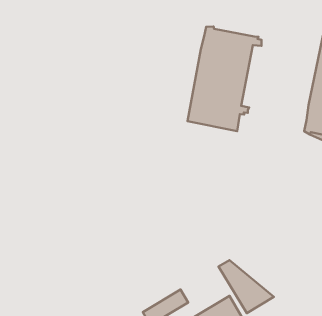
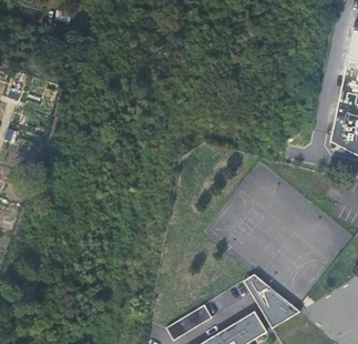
building: [188,27,261,131] -> none

